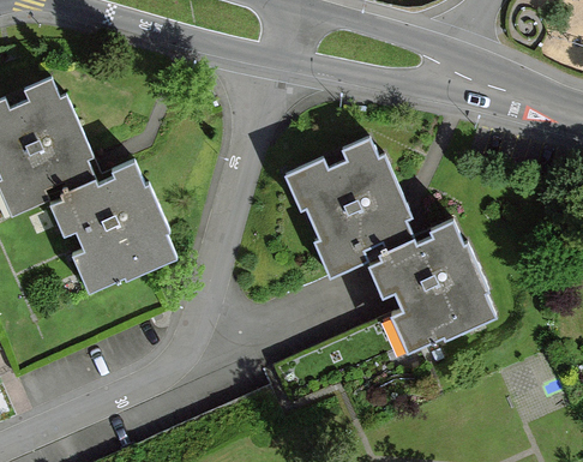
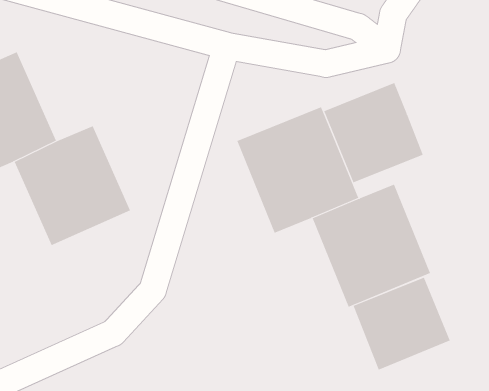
building: none -> [324,82,423,183]
building: none -> [353,277,450,370]

